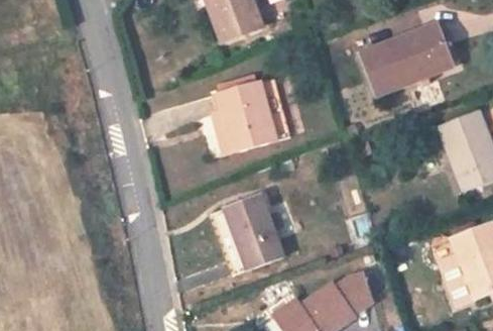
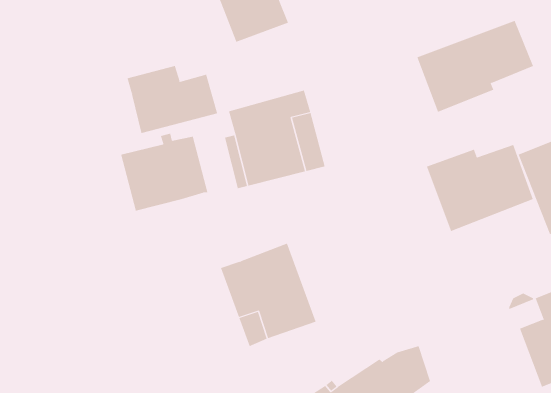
building: none -> [127,65,218,134]
building: none -> [120,133,208,211]
building: none -> [426,144,534,232]

